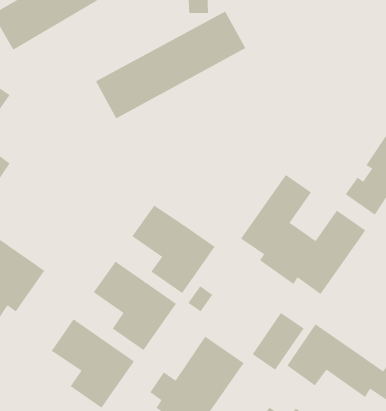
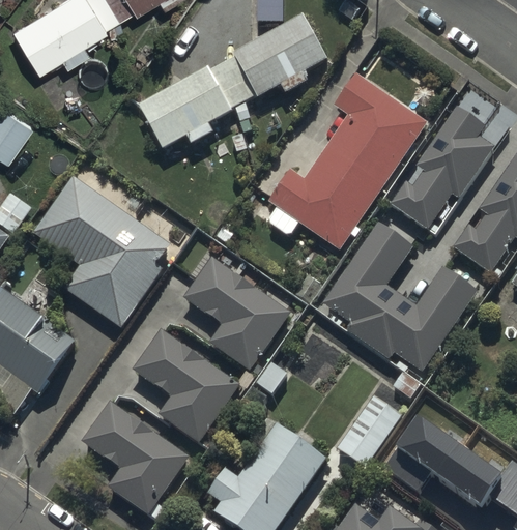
building: none -> [267,73,428,248]
building: none -> [386,109,494,230]
building: none -> [32,174,170,326]

